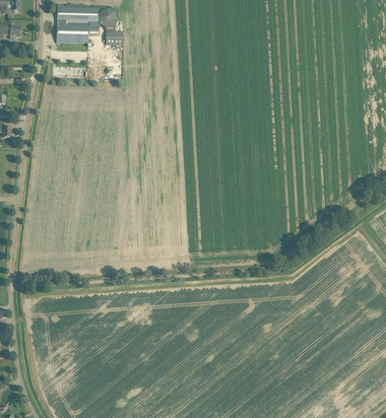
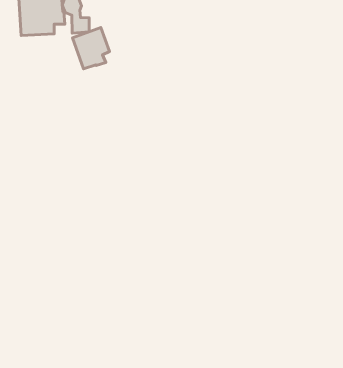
building: none -> [73,27,110,69]

